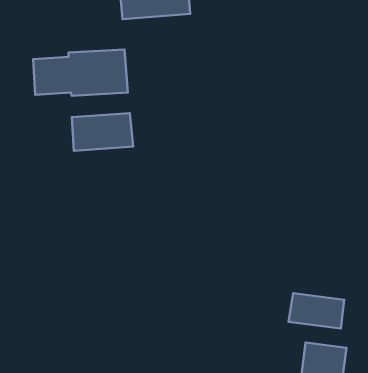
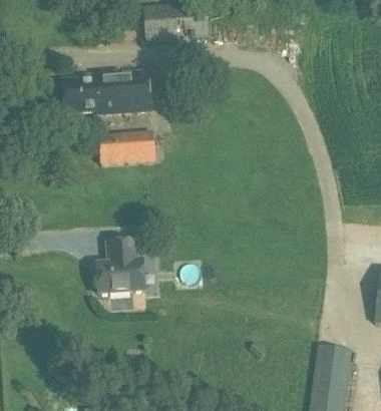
building: none -> [95,241,143,294]
building: [289,293,344,329] -> none

